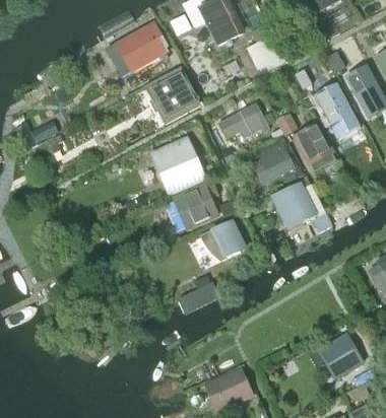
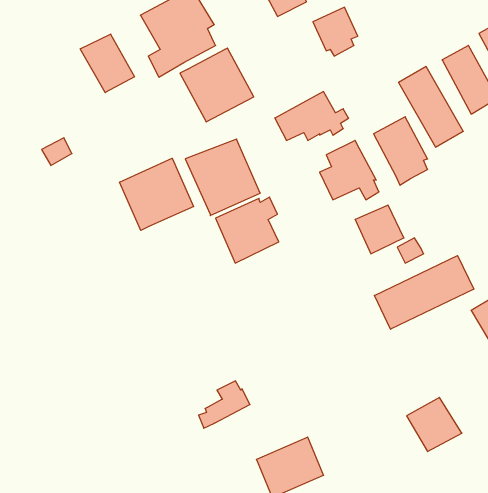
building: none -> [80,34,134,93]
building: none -> [120,158,194,230]
building: [198,220,246,262] -> none
building: none -> [374,256,474,329]
building: [178,275,217,311] -> [199,381,250,428]

